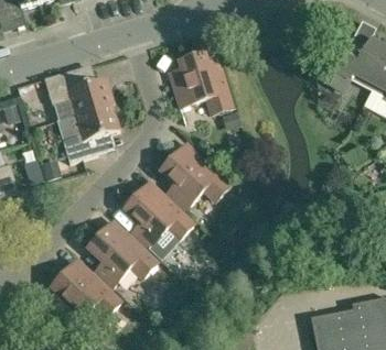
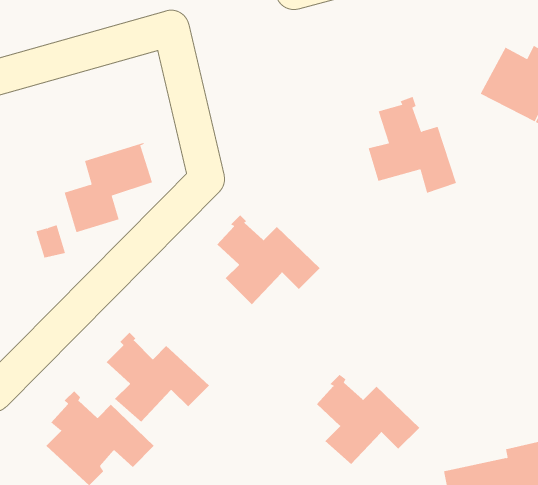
building: [173,48,232,112] -> [368,96,457,193]
building: [44,68,114,113] -> none
building: [125,187,193,247] -> [316,374,420,465]

